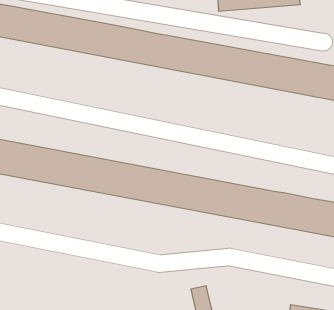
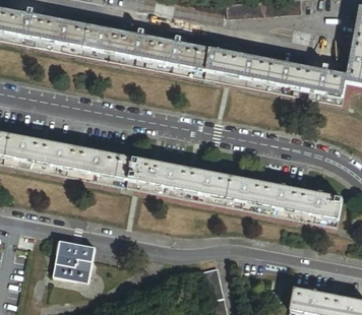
building: none -> [54,241,96,282]

